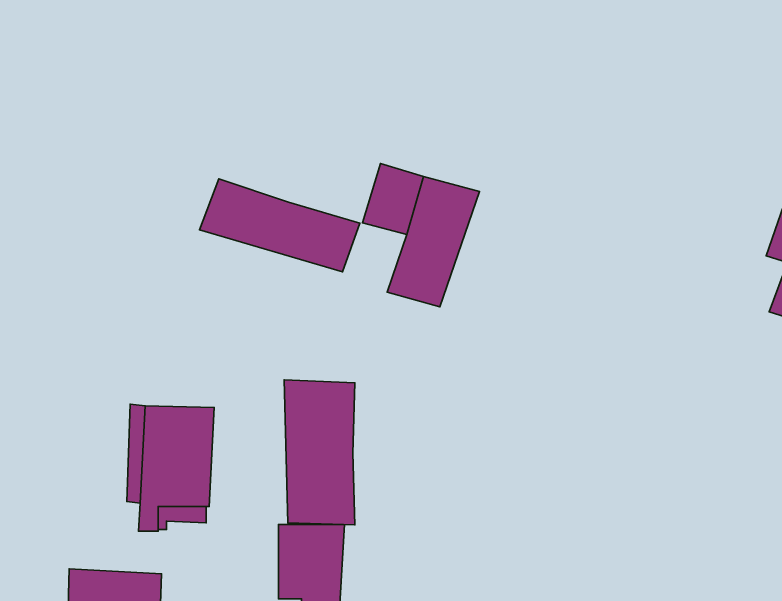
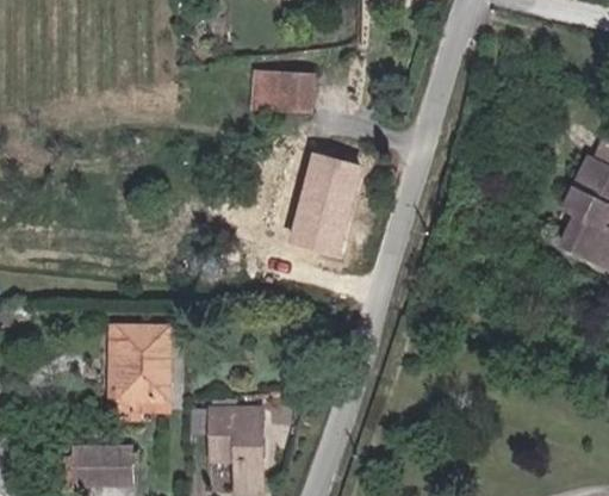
building: none -> [257,74,315,110]
building: [200,179,360,272] -> none
building: [284,380,355,525] -> none

